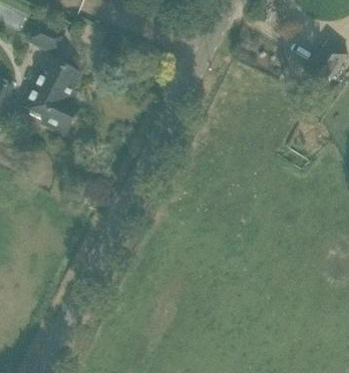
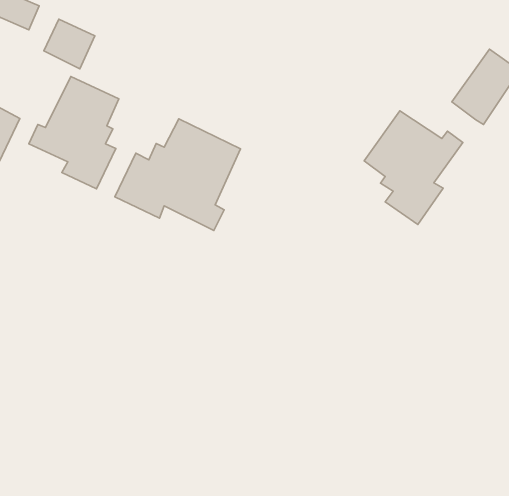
building: none -> [364,111,463,225]
building: none -> [115,119,240,230]

